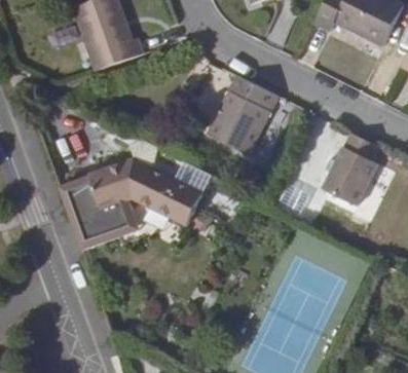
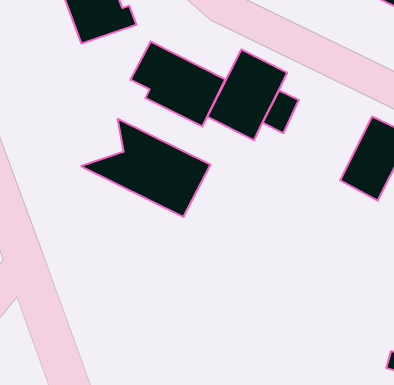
building: none -> [131,41,225,127]
building: [58,177,187,252] -> none

